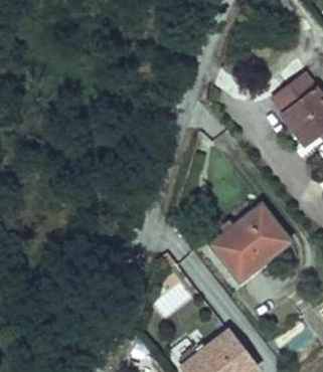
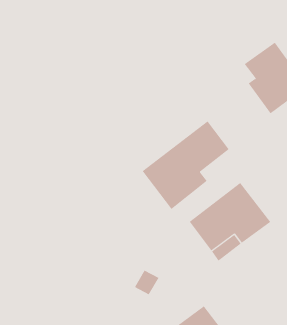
building: none -> [142,121,230,210]

